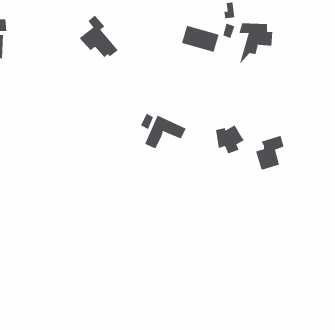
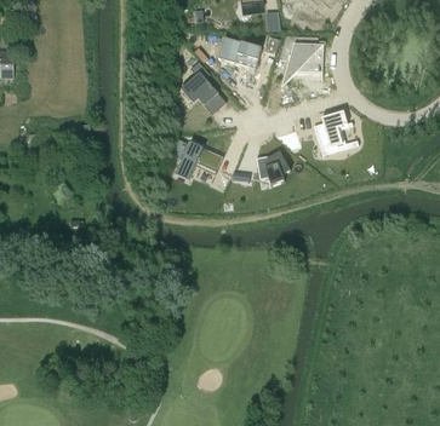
building: [79,15,119,58] -> [181,61,227,110]
building: [255,135,284,174] -> [314,110,348,155]

